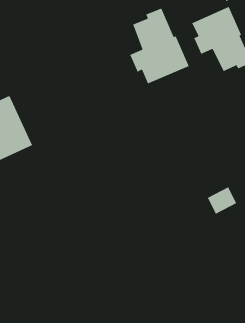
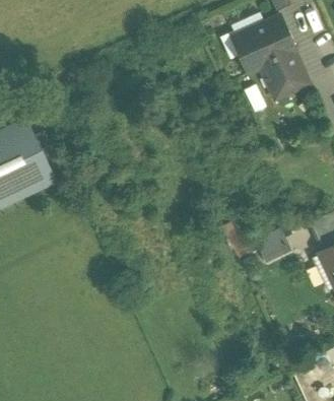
building: [129,7,190,85] -> none

